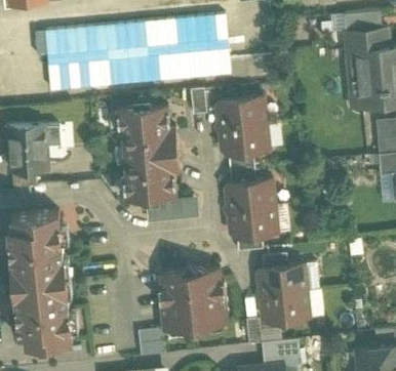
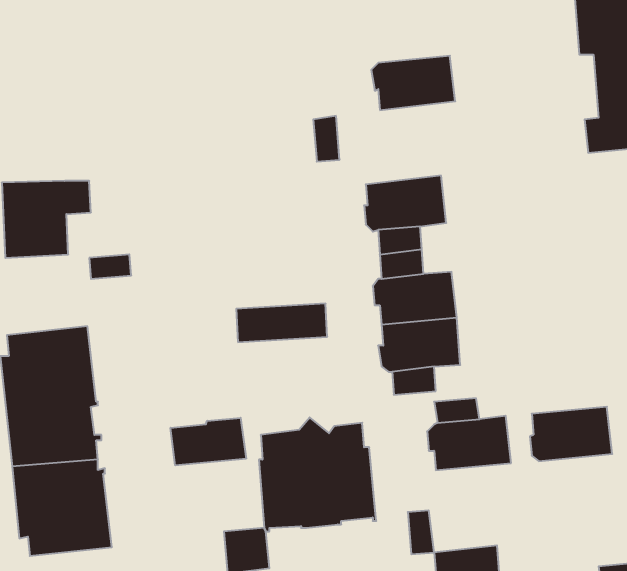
building: [215,97,265,129] -> [371,56,455,110]
building: [115,106,179,202] -> none
building: none -> [171,418,246,465]
building: [261,292,309,324] -> [530,407,612,461]

